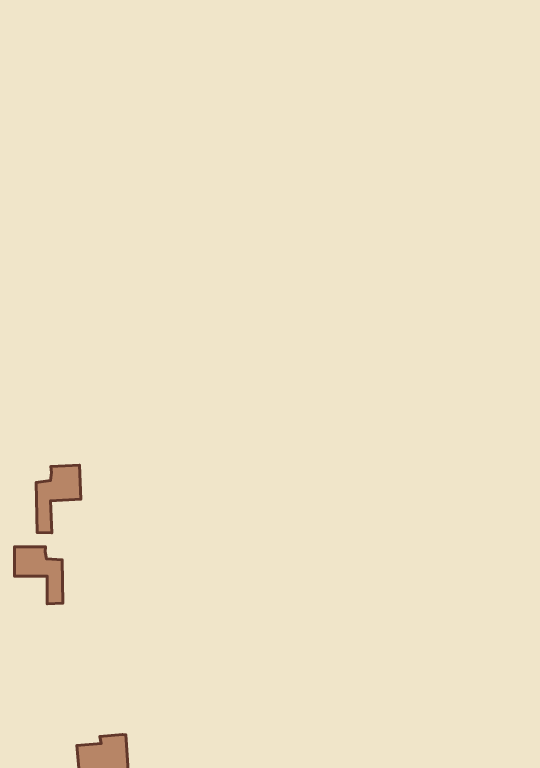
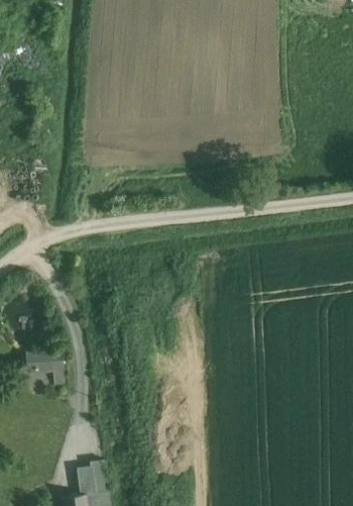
building: [36,465,81,533] -> none

